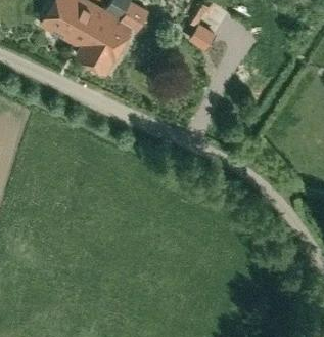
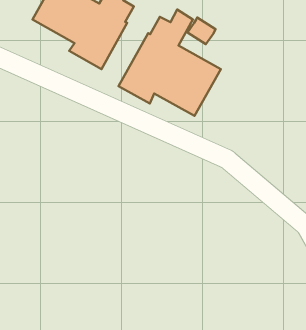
building: none -> [119,10,221,116]

